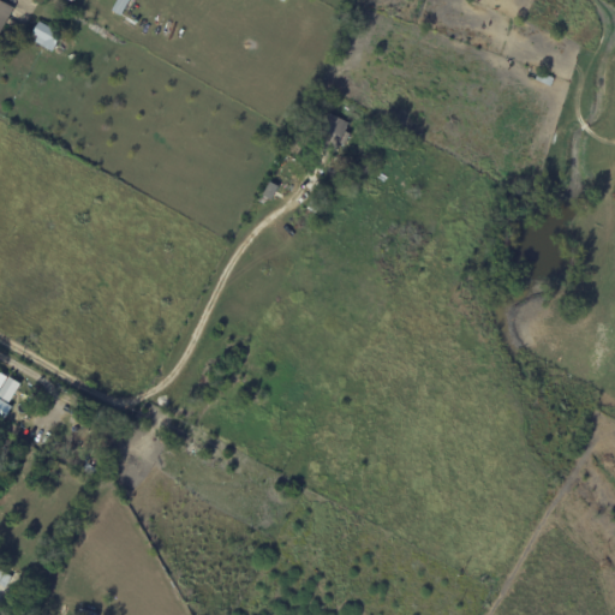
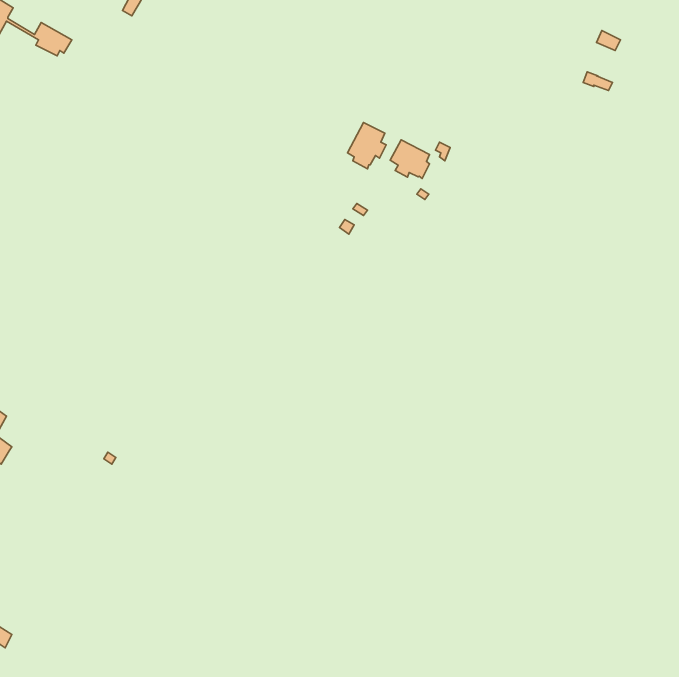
building: none -> [390,140,430,178]

